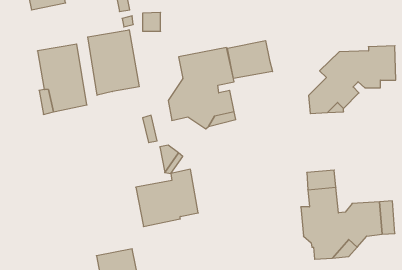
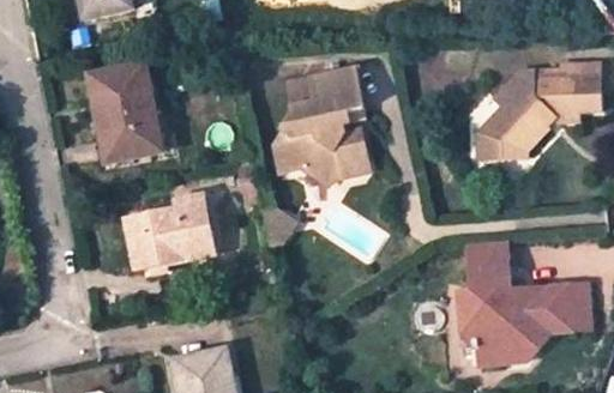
building: [88,30,139,95] -> none
building: [227,41,272,79] -> none
building: [136,169,198,227] -> [126,192,213,272]

